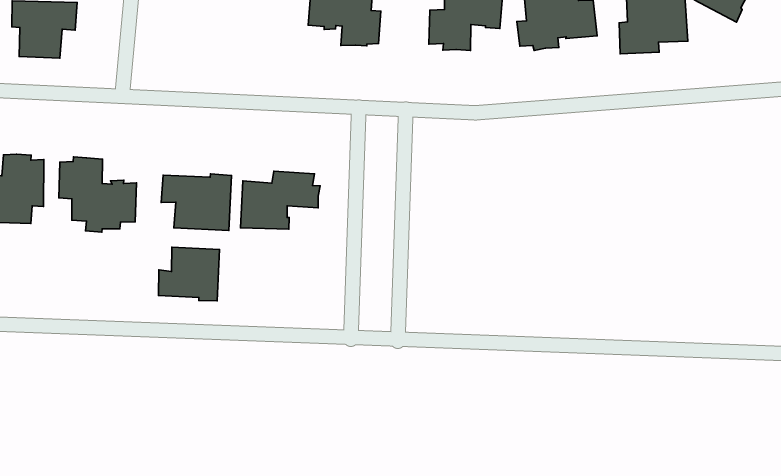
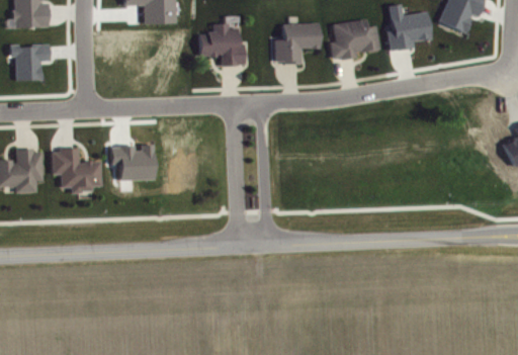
building: [241,171,320,229] -> none
building: [158,247,219,301] -> none

